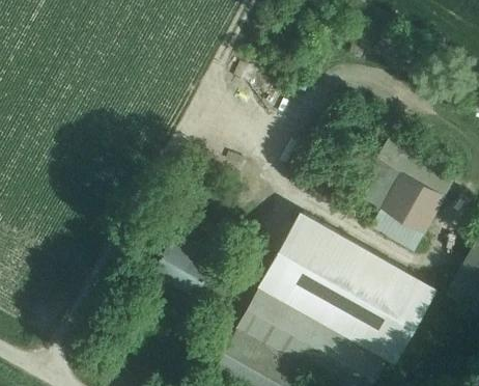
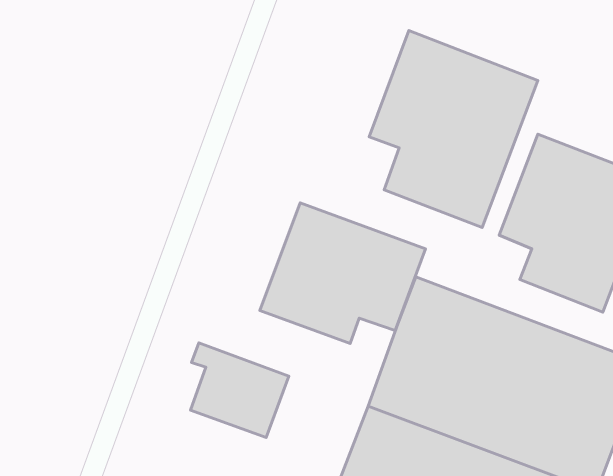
building: none -> [369,31,538,227]
building: none -> [260,203,426,343]

